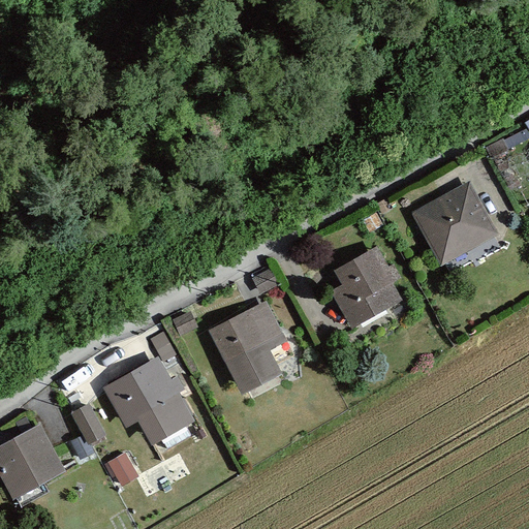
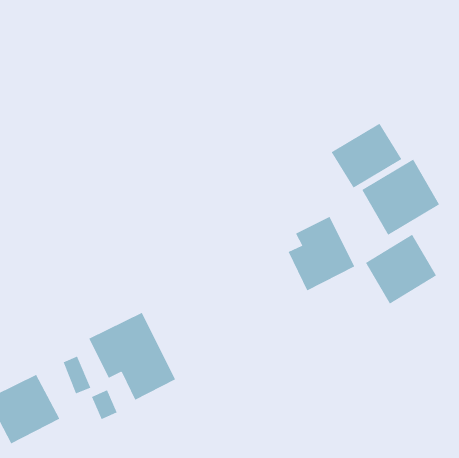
building: none -> [331,123,402,189]
building: none -> [365,234,437,304]
building: [208,298,289,395] -> none

